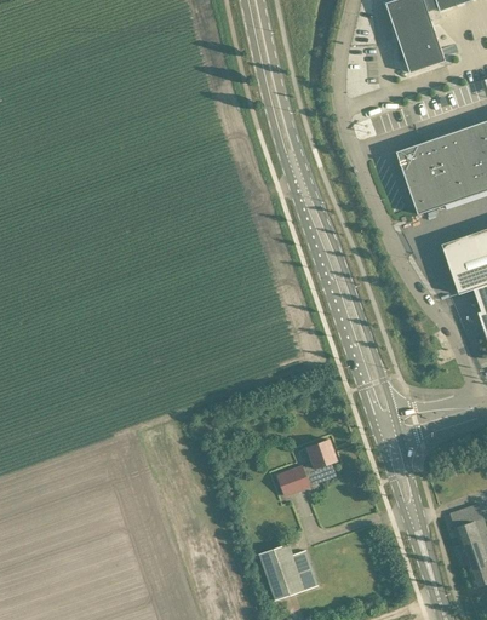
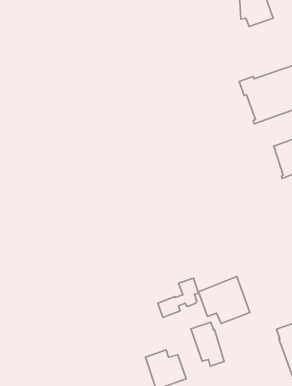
building: none -> [199,277,250,323]
building: none -> [191,322,224,366]

